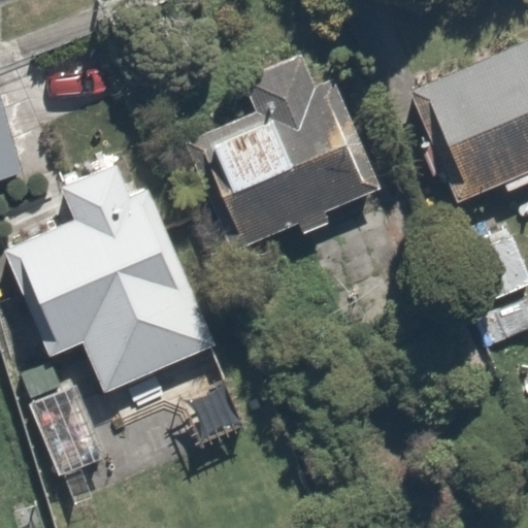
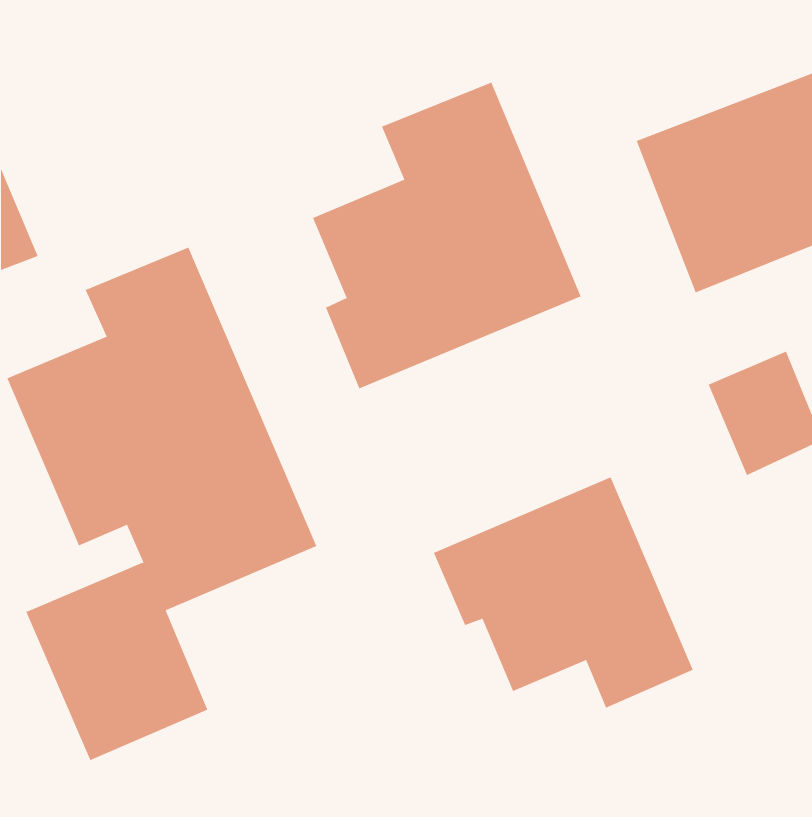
building: none -> [433,477,693,709]

